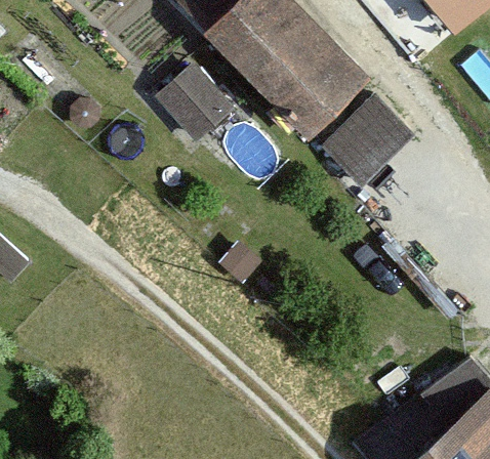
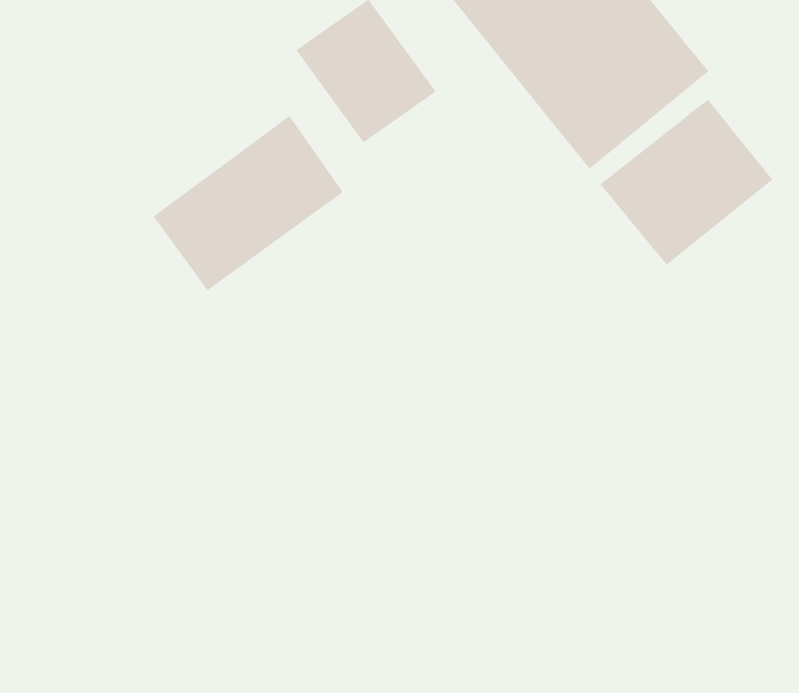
building: none -> [153,115,343,291]

